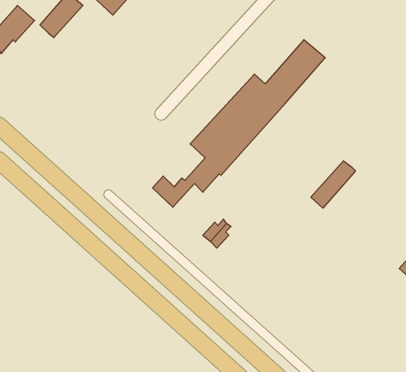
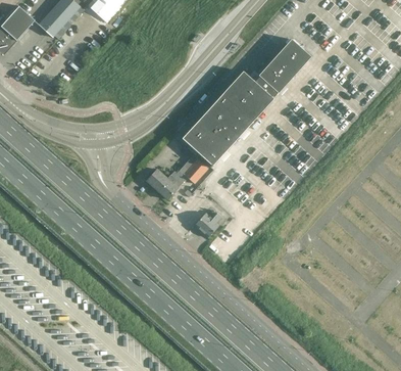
building: [311,161,355,208] -> none

